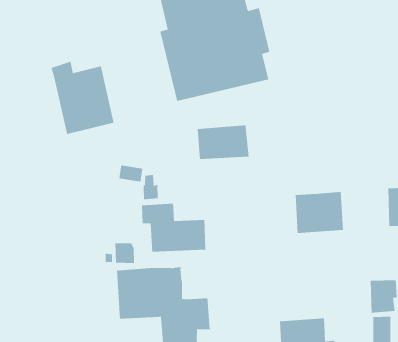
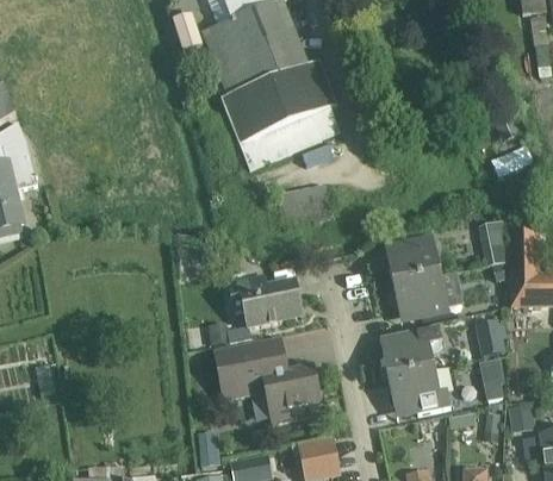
building: [51,61,114,135] -> none
building: none -> [392,274,448,321]
building: none -> [379,324,443,377]

